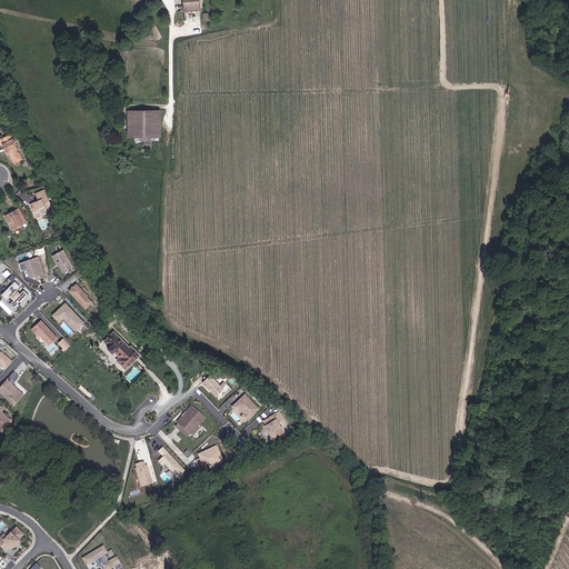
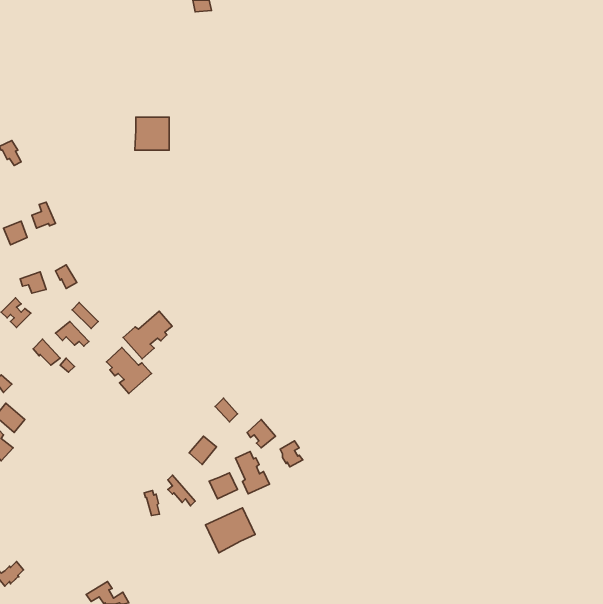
building: none -> [123,311,172,359]
building: none -> [235,451,270,494]
building: none -> [206,508,255,553]

